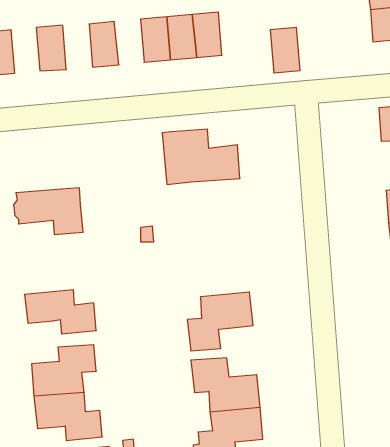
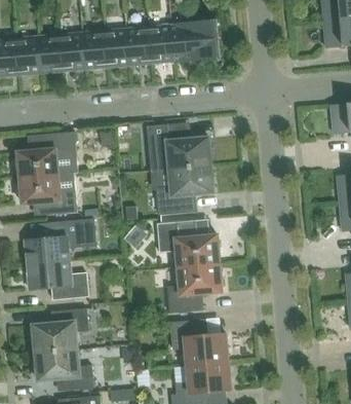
building: none -> [103,29,128,68]
building: none -> [59,33,84,72]
building: [270,27,300,73] -> [192,21,218,60]
building: none -> [14,36,39,75]
building: none -> [14,132,77,178]
building: none -> [157,166,213,215]
building: none -> [24,219,95,265]
building: none -> [156,221,219,267]

